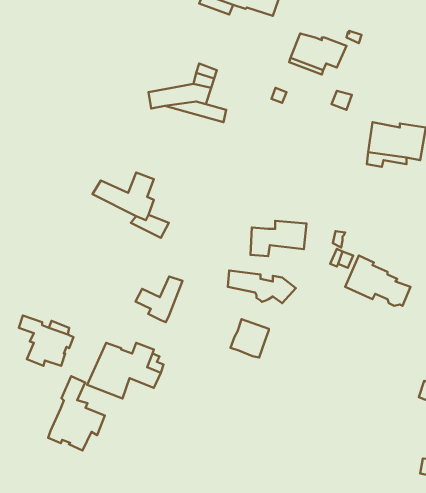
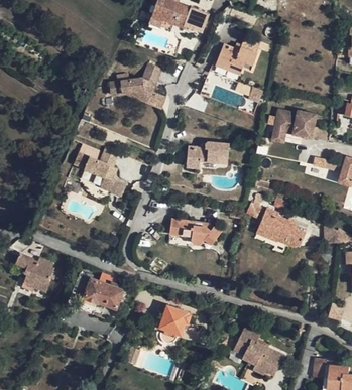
building: [251,221,307,256] -> [187,142,228,168]
building: [136,277,183,322] -> none
building: [231,319,269,357] -> [158,305,187,334]
building: [48,376,105,451] -> none
building: none -> [233,328,282,378]

